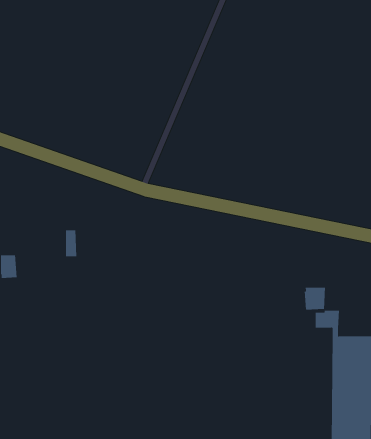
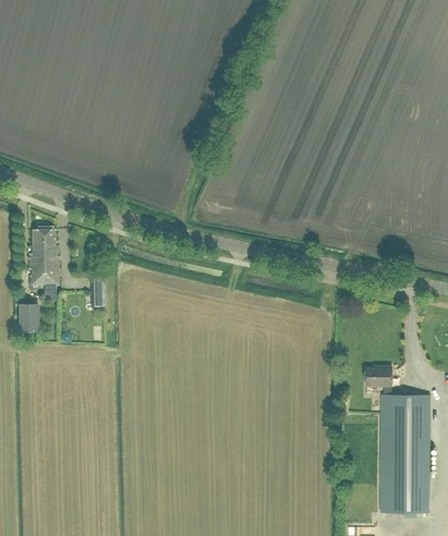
building: none -> [28,230,60,287]
building: [304,287,325,311] -> none

